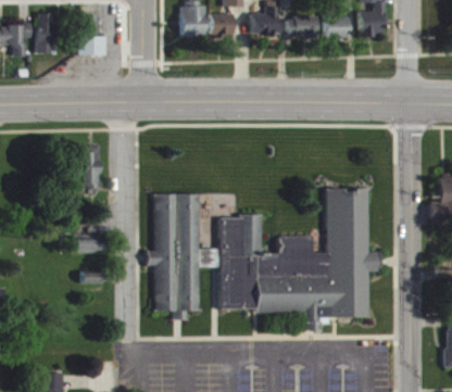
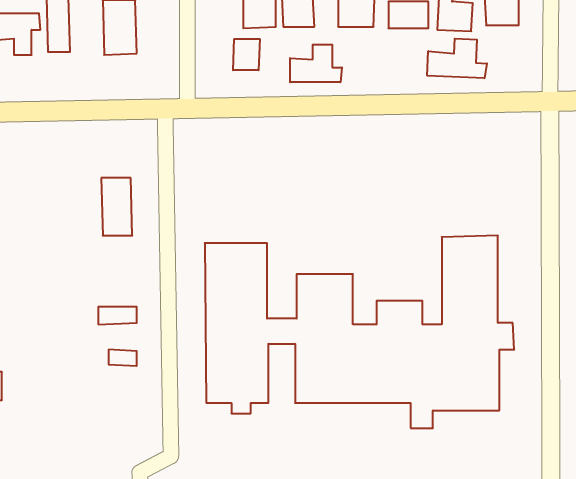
building: none -> [427,39,487,78]
building: none -> [233,39,260,70]
building: none -> [290,45,342,82]

